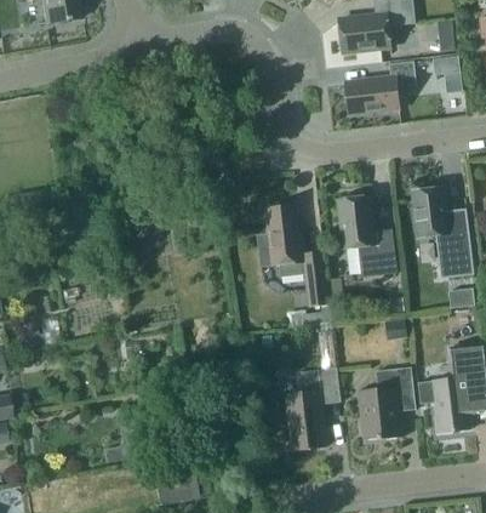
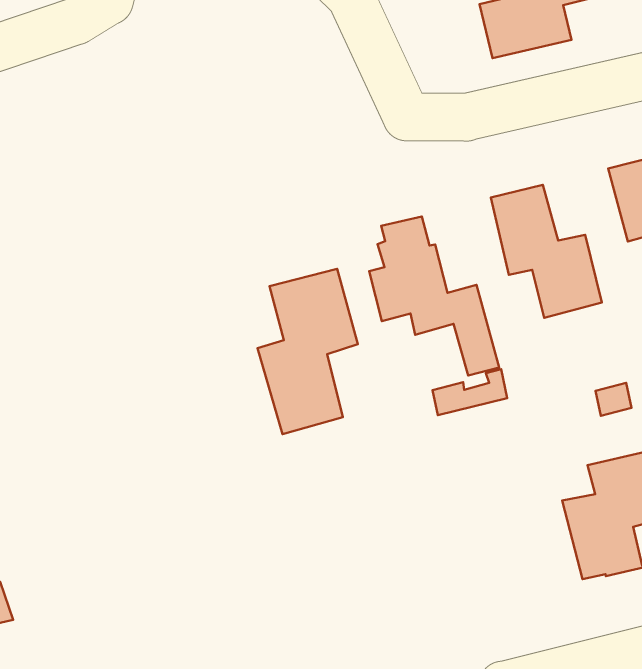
building: none -> [257,269,358,434]
building: [285,367,339,449] -> none

